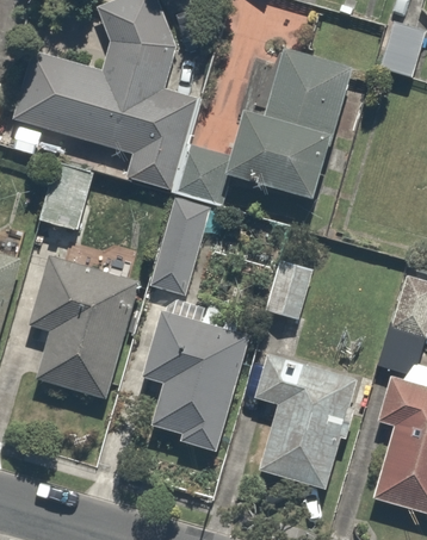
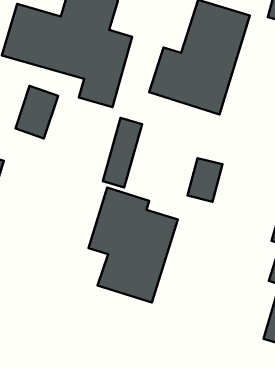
building: [25,252,141,404] -> none
building: [250,329,360,491] -> none

